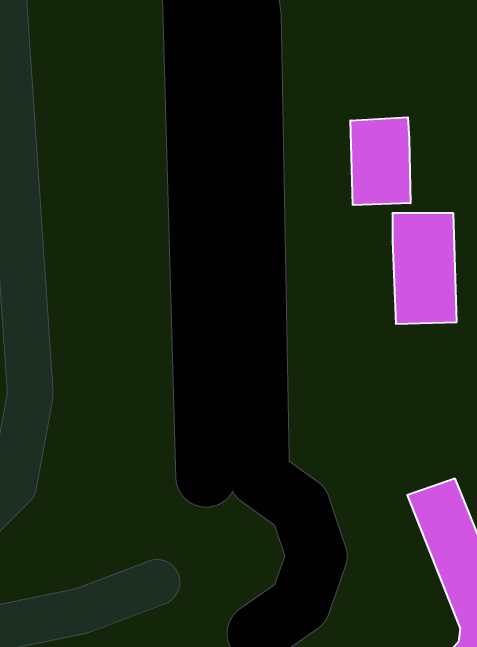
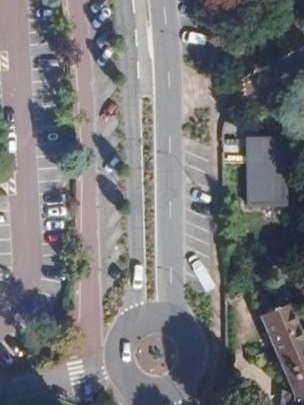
building: [350,117,410,205] -> none

